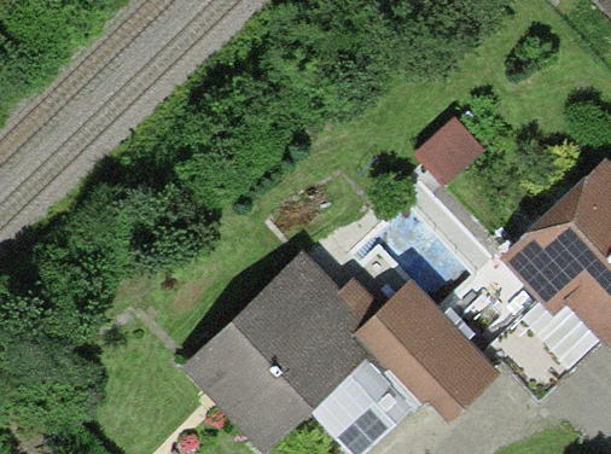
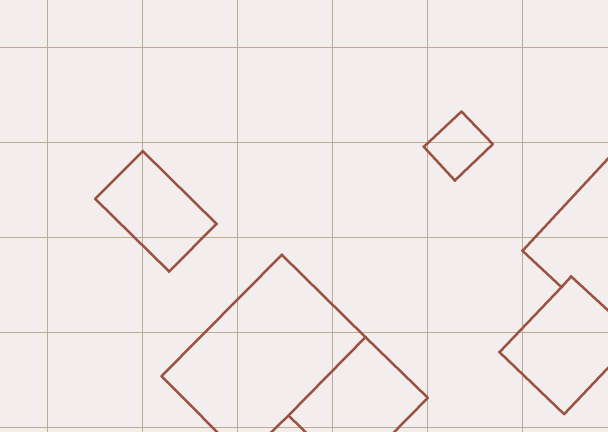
building: none -> [95,151,217,272]
building: [374,287,490,403] -> none

